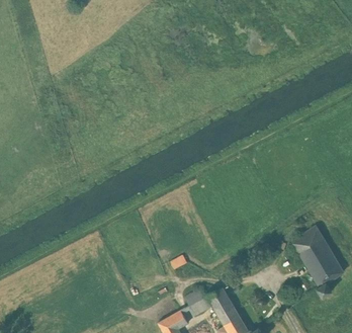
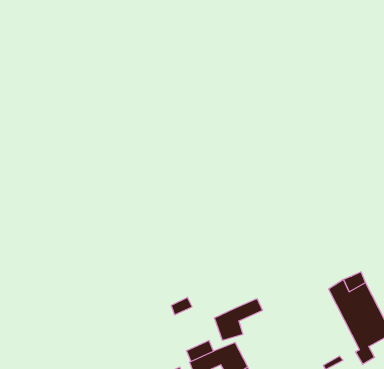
building: none -> [214,299,263,340]

